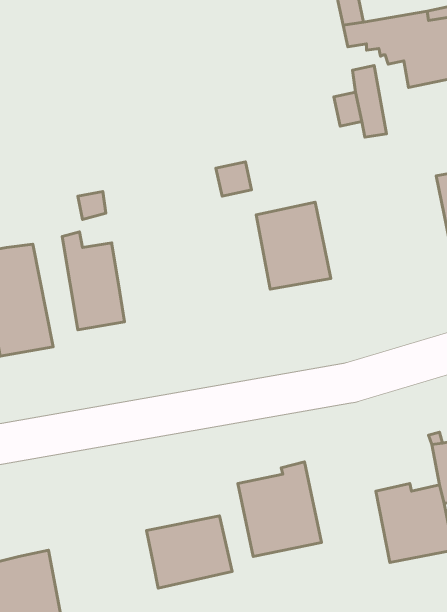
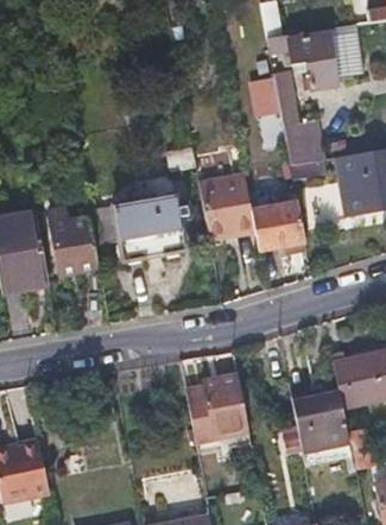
building: none -> [281,120,323,164]
building: none -> [88,195,185,264]
building: none -> [251,201,305,252]
building: [147,516,232,588] -> none

